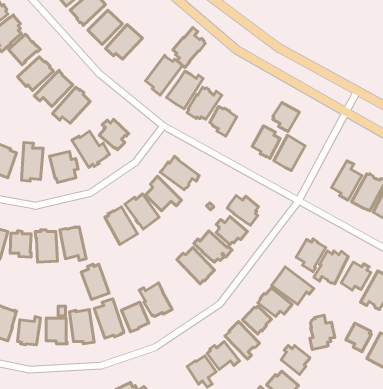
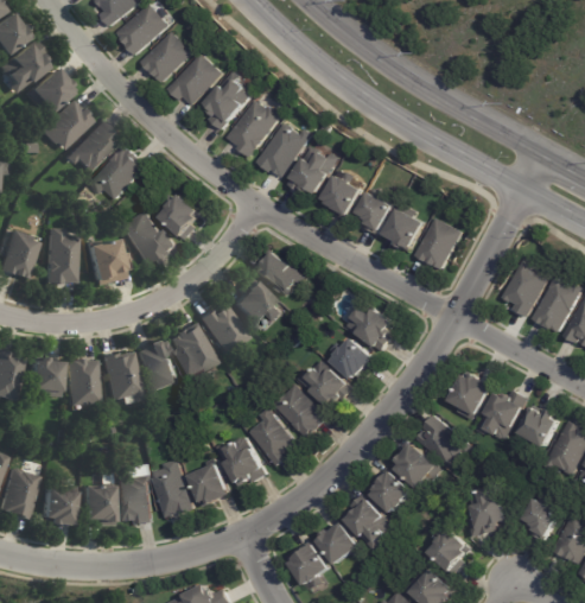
building: [173,27,205,68] -> [203,70,250,129]
building: [273,103,299,131] -> [354,191,393,234]
building: [81,264,109,300] -> [134,341,176,393]
building: none -> [249,408,295,466]

